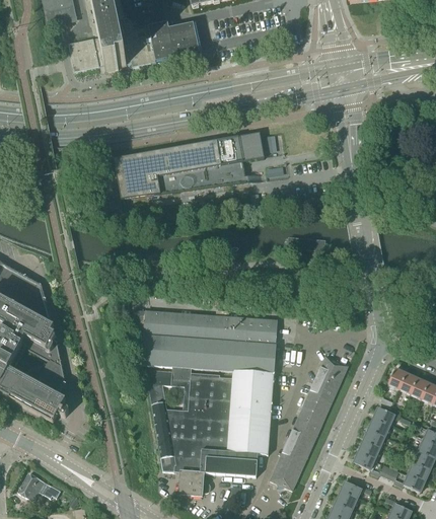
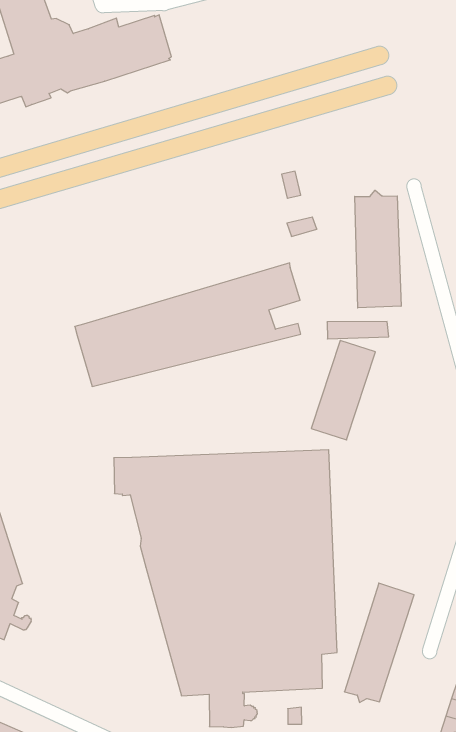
building: [115,132,265,199] -> [75,263,301,386]
building: none -> [355,190,401,308]
building: [301,355,349,421] -> [311,340,375,440]

